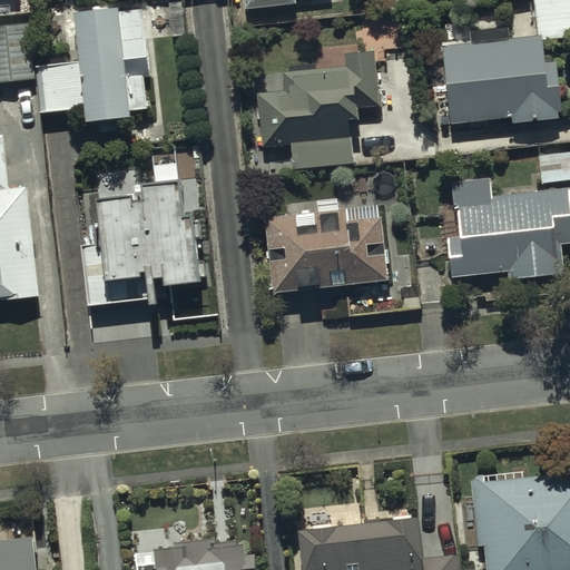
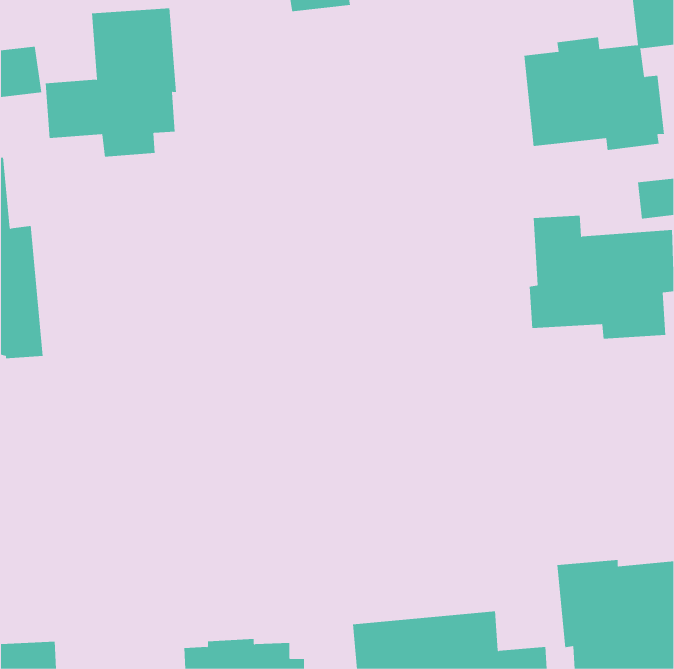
building: [257,55,380,171] -> none
building: [81,176,199,303] -> none
building: [263,199,389,297] -> none

